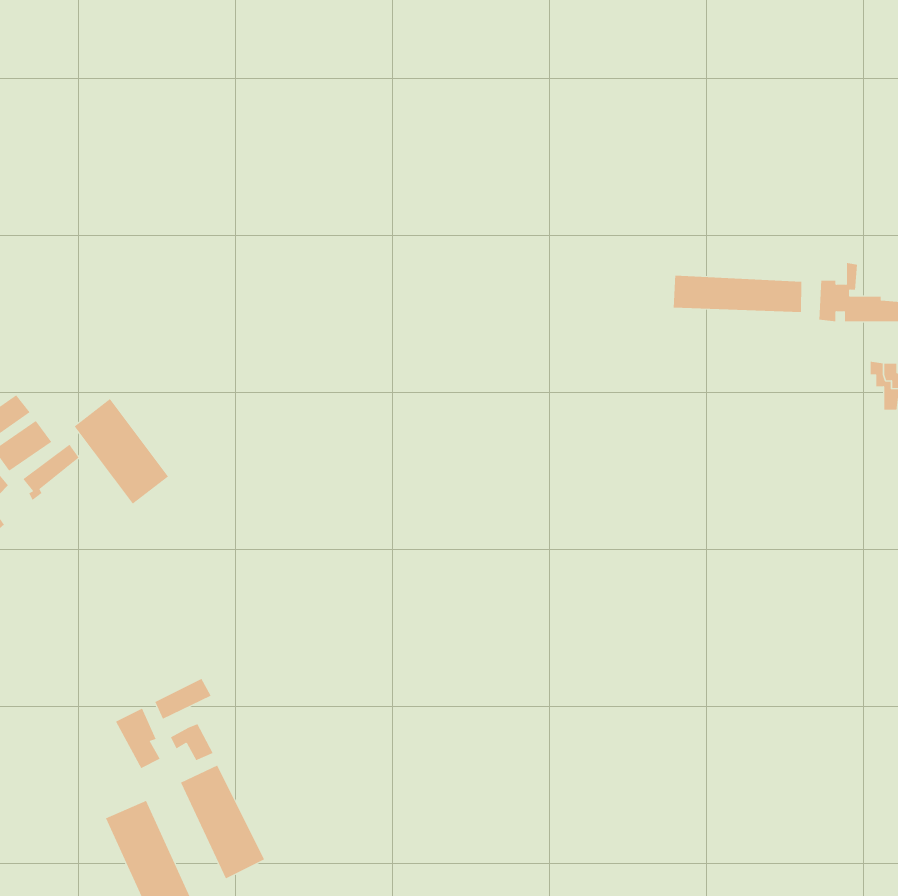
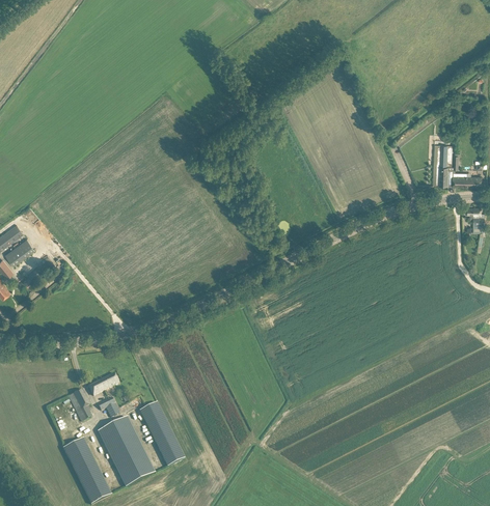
building: [673,275,802,313] -> none
building: [74,398,169,505] -> none
building: none -> [140,401,185,466]

